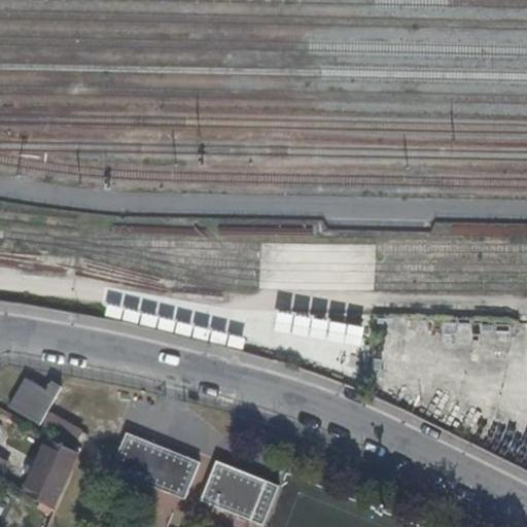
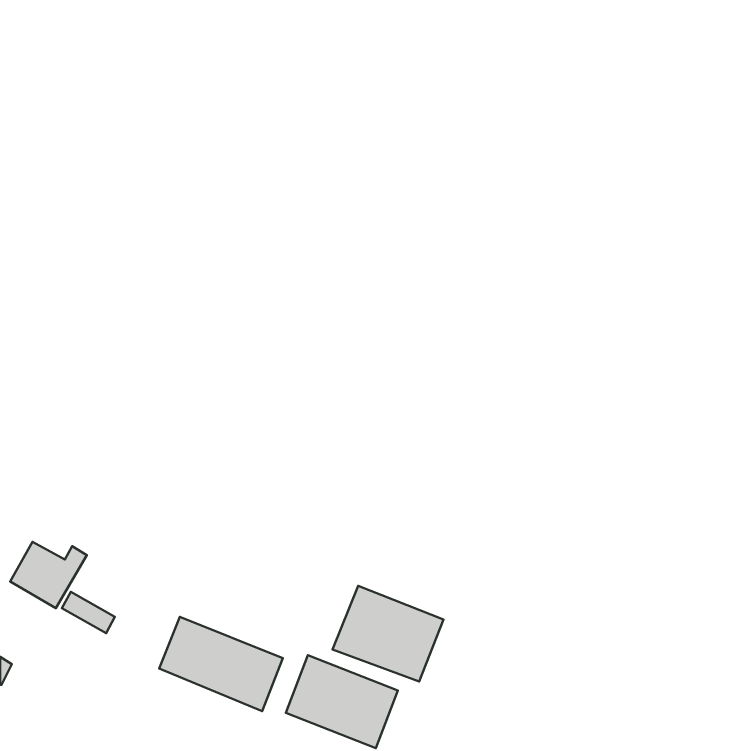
building: none -> [333,586,444,682]
building: [30,442,77,508] -> none

